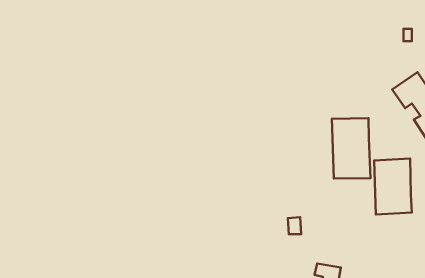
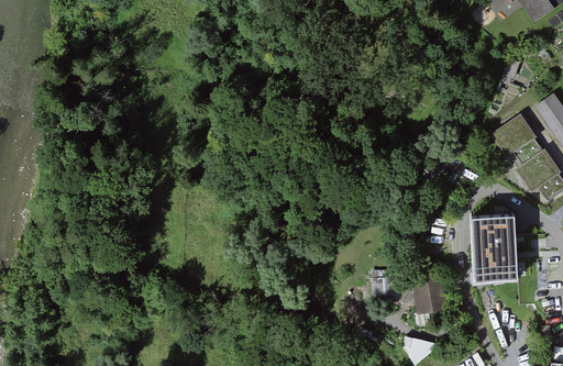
building: [332,118,370,179] -> none
building: none -> [411,274,449,313]

